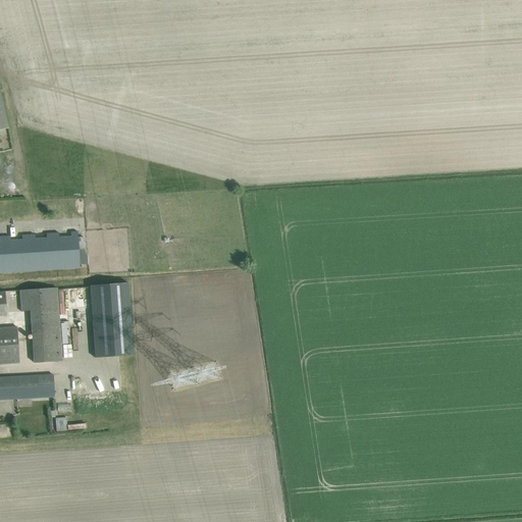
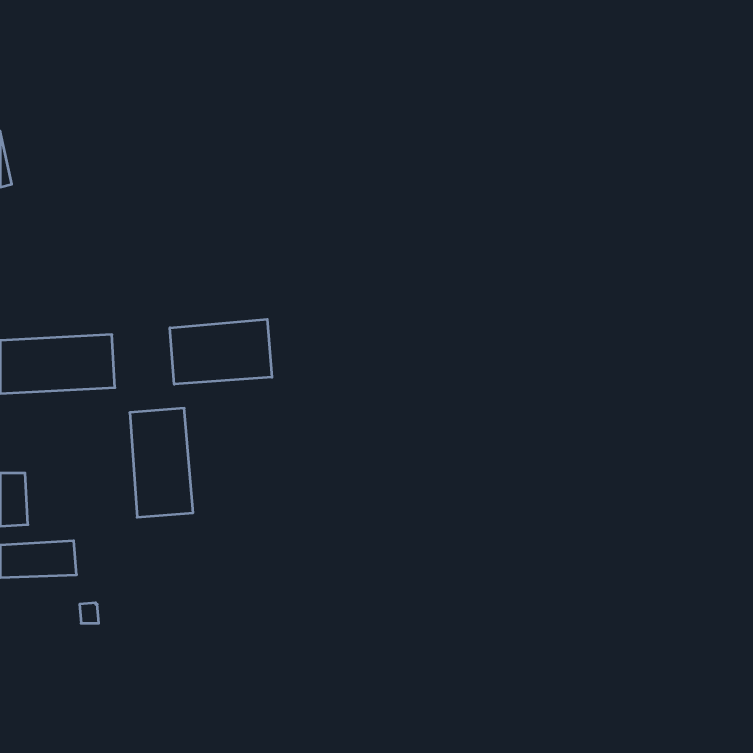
building: none -> [170,319,272,384]
building: [19,288,63,363] -> none

